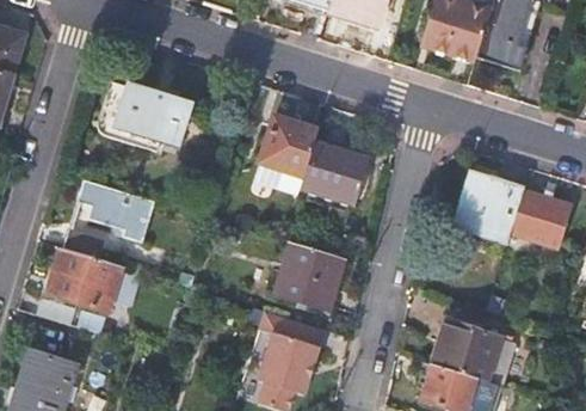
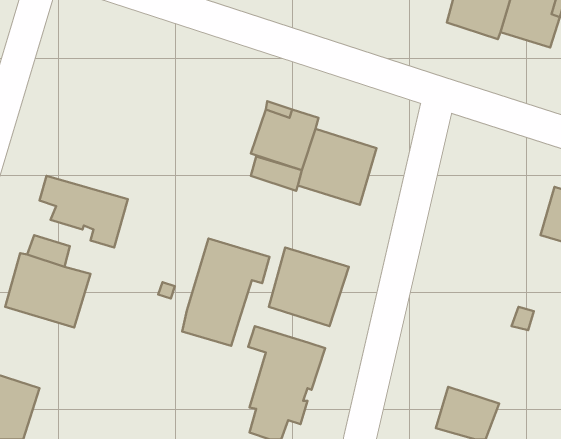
building: [98,73,190,152] -> none
building: [454,173,523,238] -> none
building: none -> [182,239,269,346]
building: [431,319,499,381] -> none

